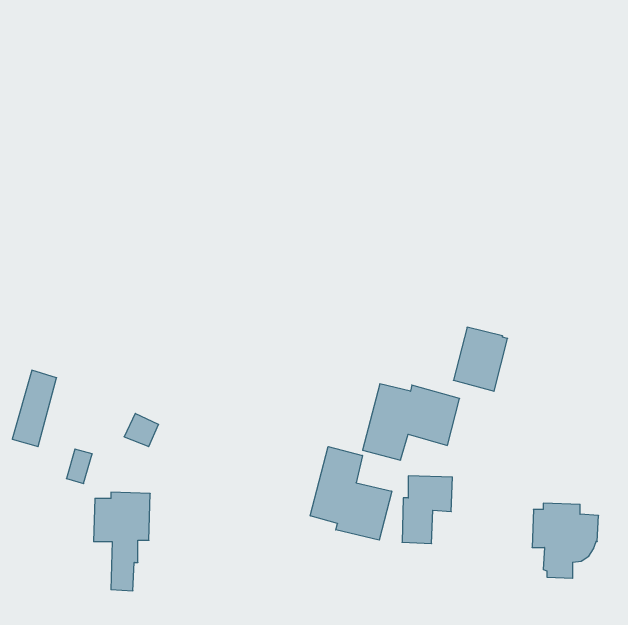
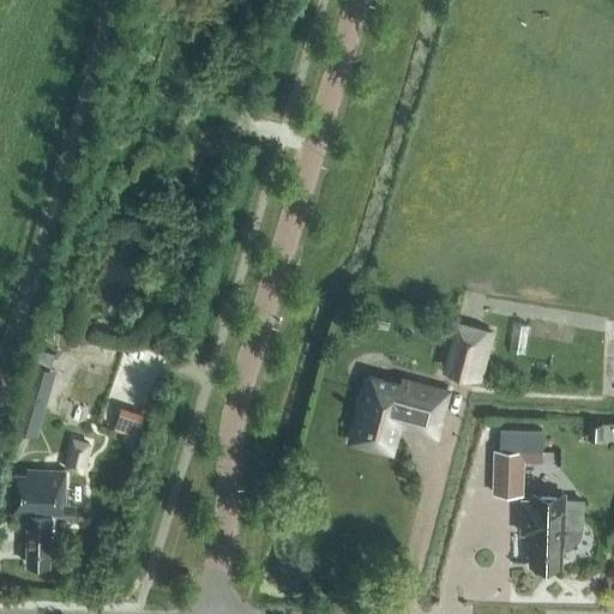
building: [310,447,392,540] -> none
building: [402,476,452,544] -> [494,431,543,496]
building: [94,492,150,591] -> [11,471,66,567]

